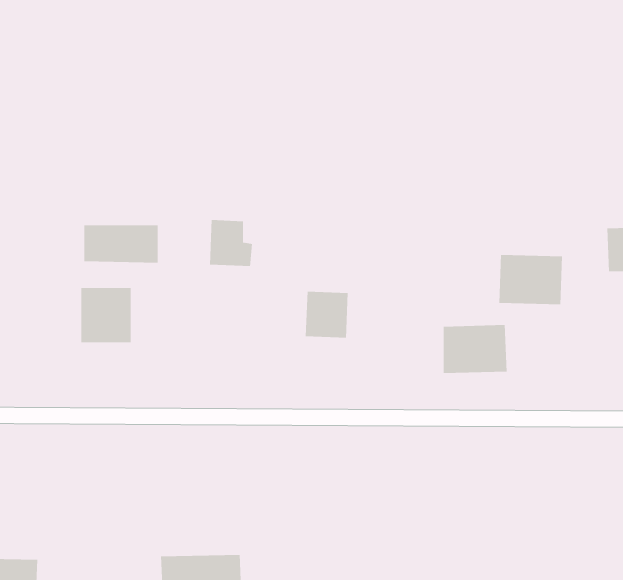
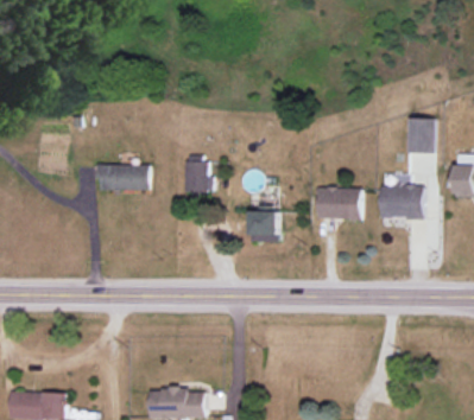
building: none -> [406,117,435,154]
building: [81,287,131,343] -> none
building: [443,325,507,373] -> [317,187,361,221]

